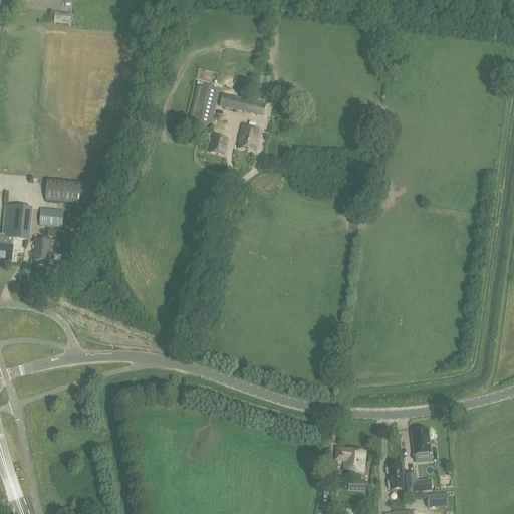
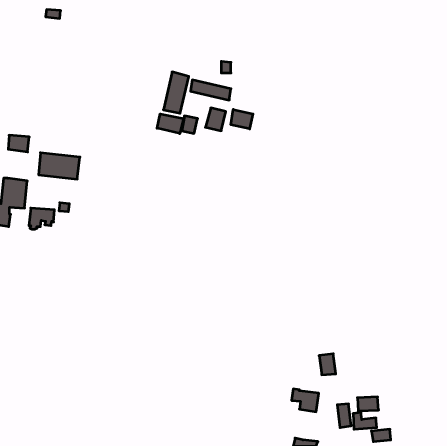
building: none -> [231,109,253,129]
building: none -> [157,114,183,134]
building: [38,207,62,226] -> [8,135,29,152]
building: [410,428,429,452] -> [319,354,336,375]

